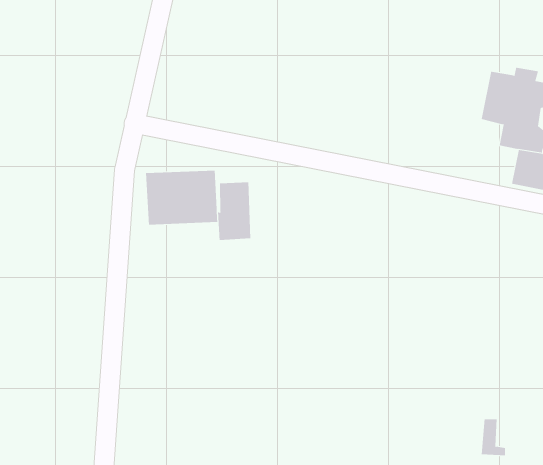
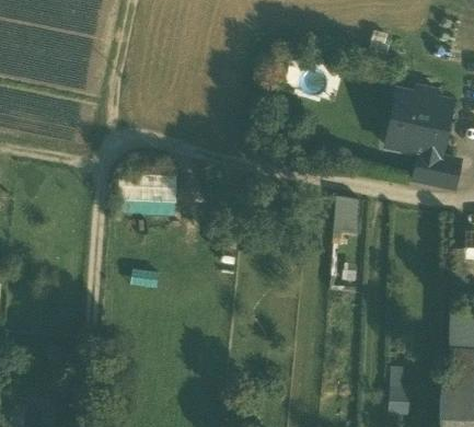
building: [218,182,251,241] -> none
building: none -> [338,198,363,233]

